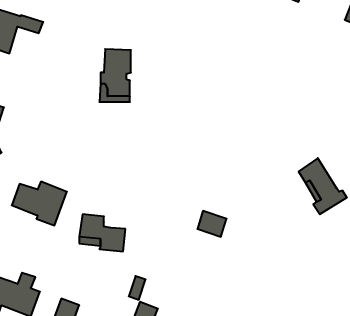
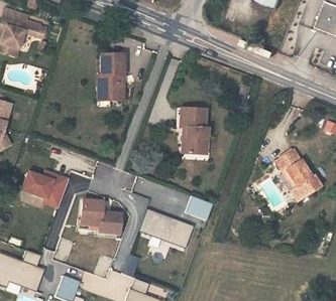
building: none -> [178,108,206,154]
building: none -> [138,208,193,249]

